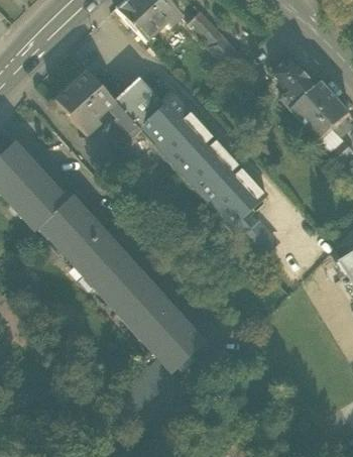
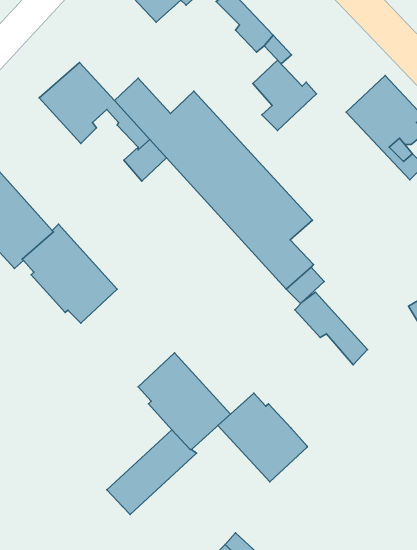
building: [272,53,322,108] -> [253,60,316,130]
building: [86,245,158,321] -> none
building: none -> [295,292,368,365]
building: none -> [218,393,307,482]

